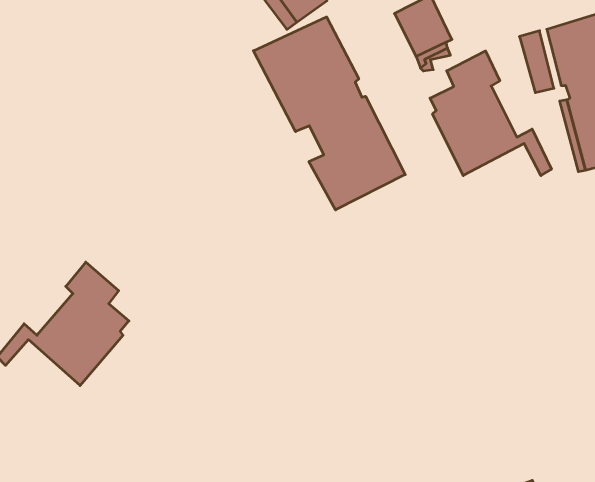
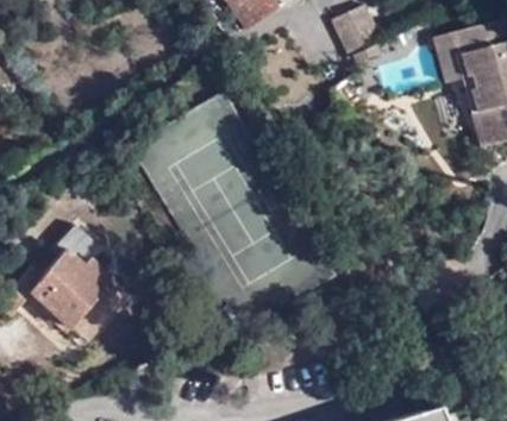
building: [253,17,405,210] -> none
building: [430,51,551,176] -> none

